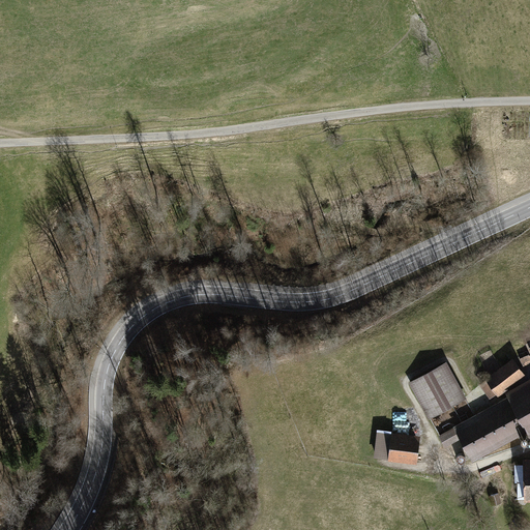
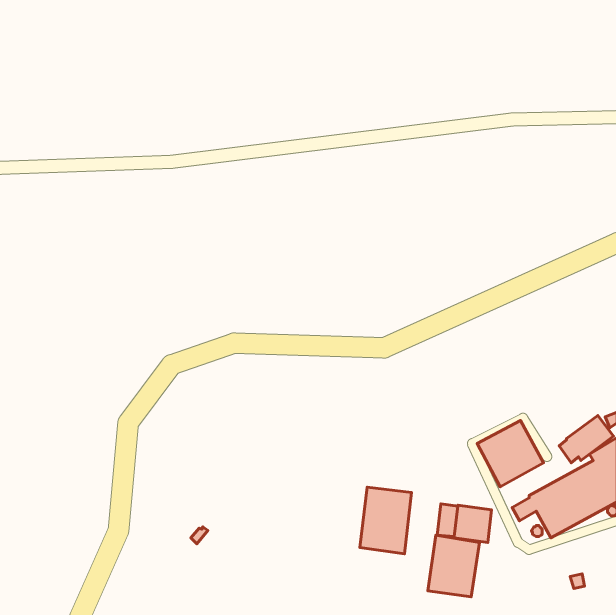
building: none -> [360,487,412,554]
building: none -> [428,535,479,597]

